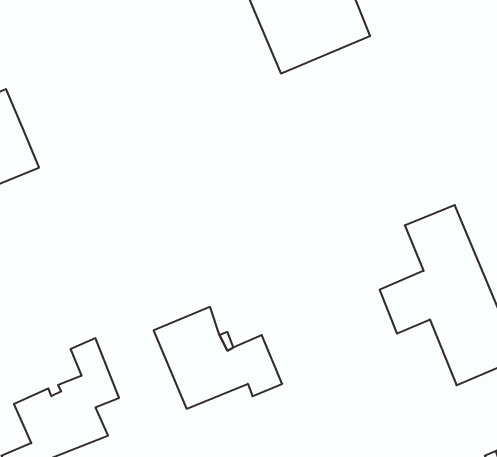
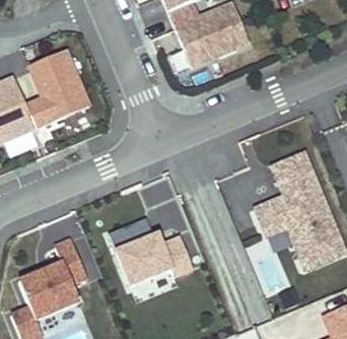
building: none -> [24,50,89,128]

